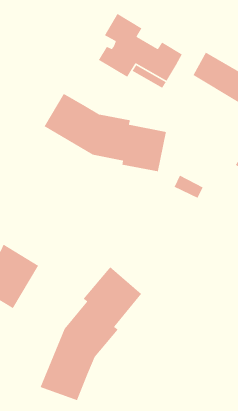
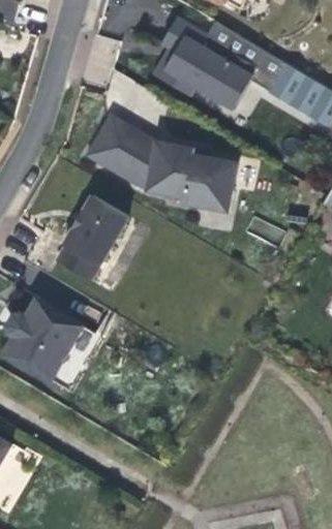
building: none -> [202,23,285,92]
building: none -> [56,195,128,281]
building: [40,266,142,401] -> none

